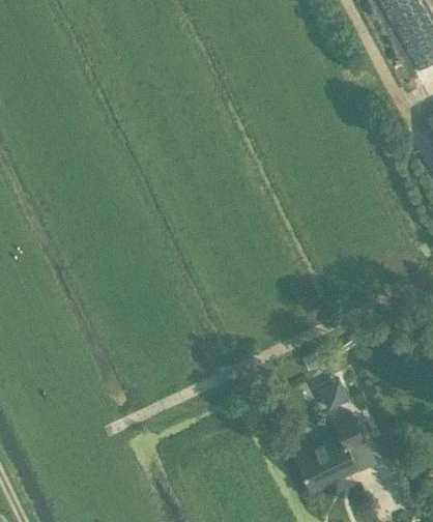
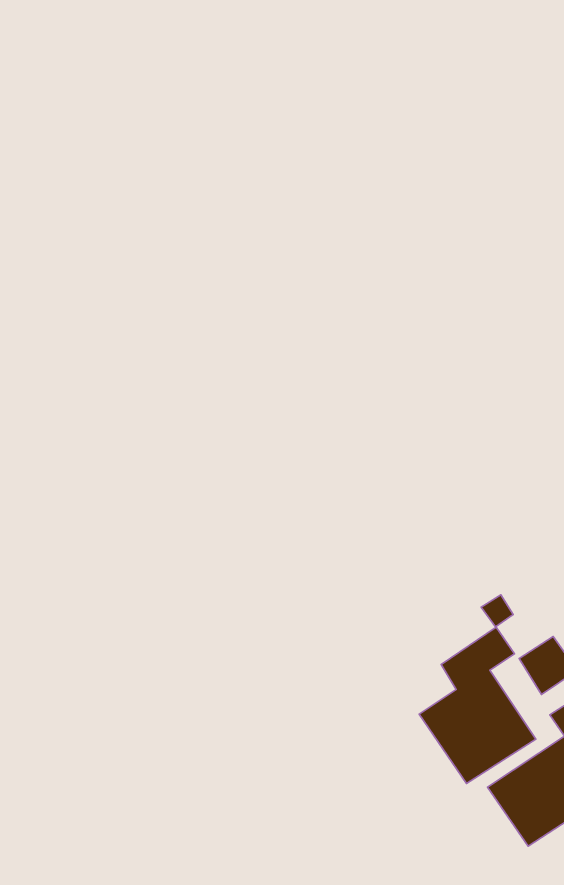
building: none -> [419,627,536,784]

